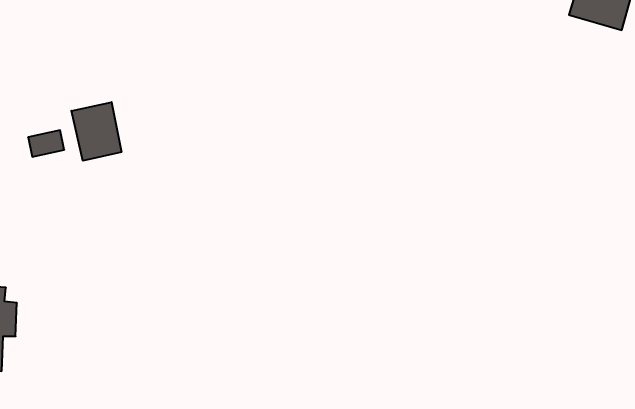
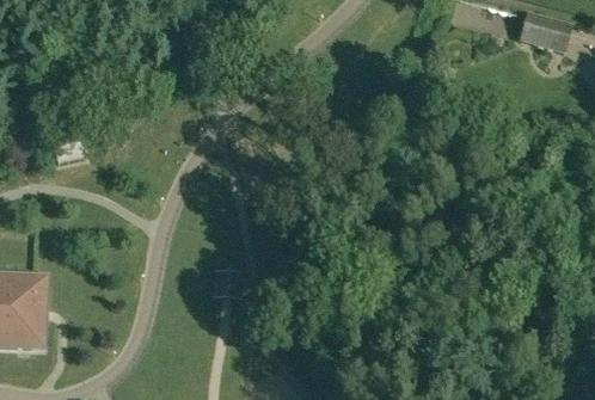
building: [71,102,121,161] -> none

